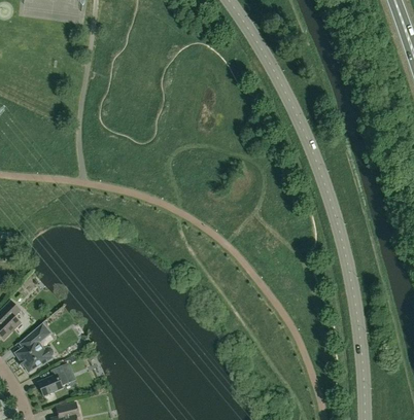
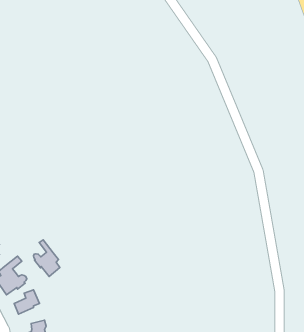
building: none -> [33,240,60,277]

